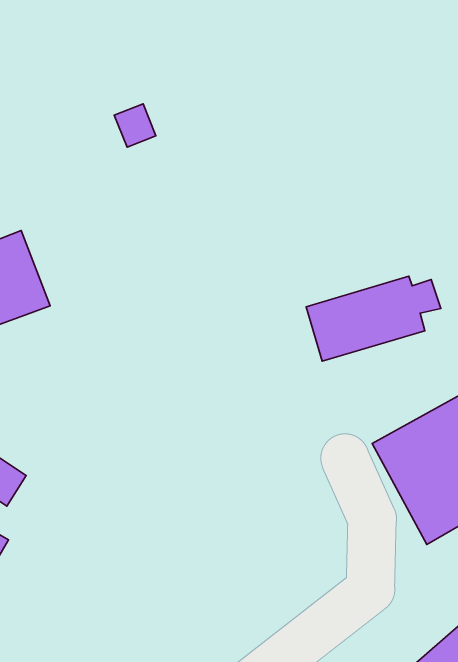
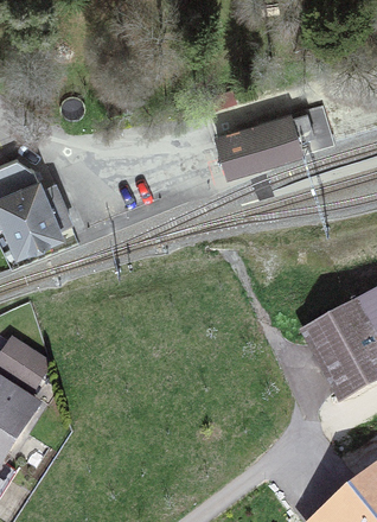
building: [306,276,441,361] -> [219,114,319,177]

